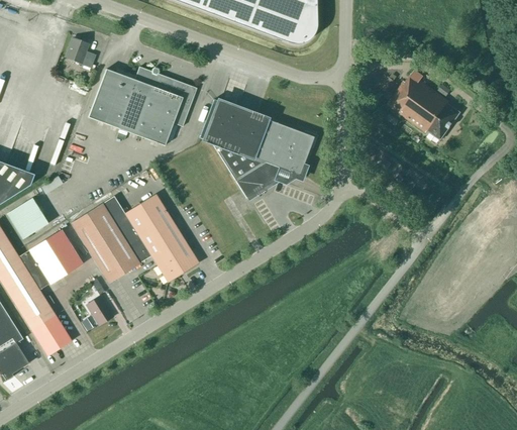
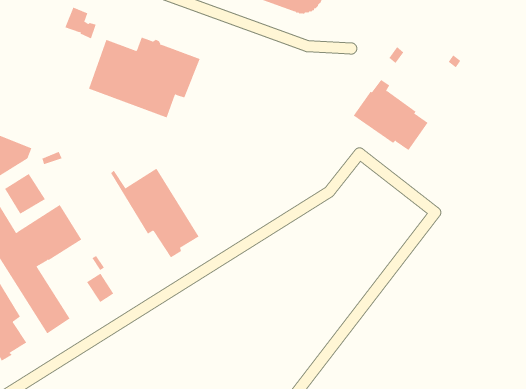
building: [387,69,460,138] -> [353,79,429,151]
building: [199,98,313,197] -> none
building: [71,198,145,283] -> none

